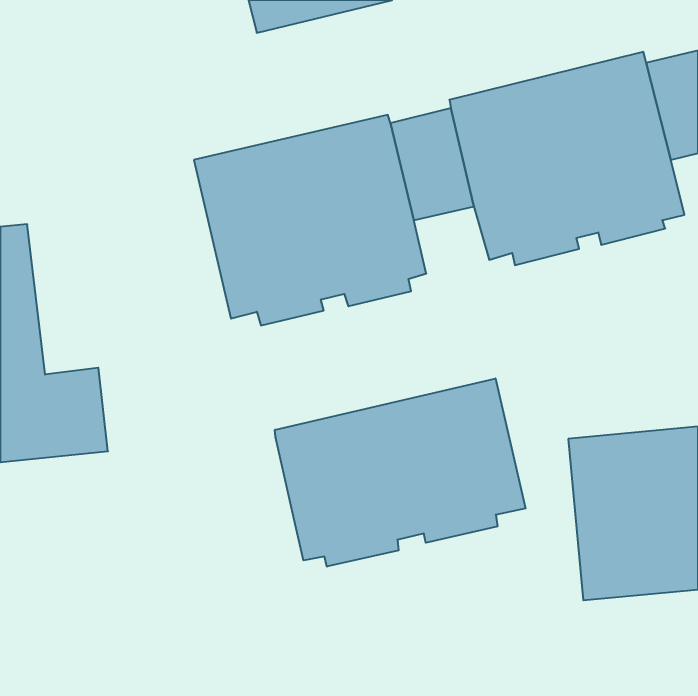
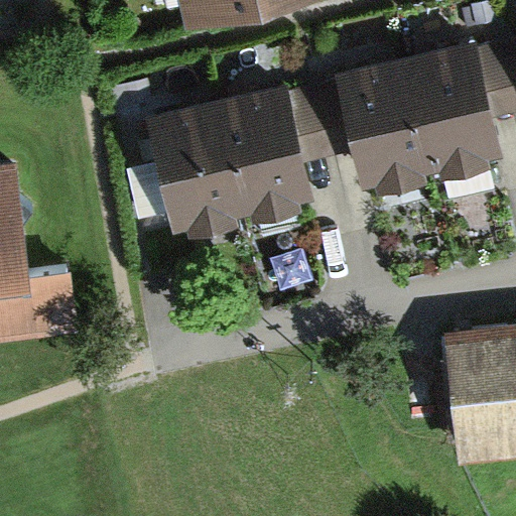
building: [275,378,526,567] -> none

